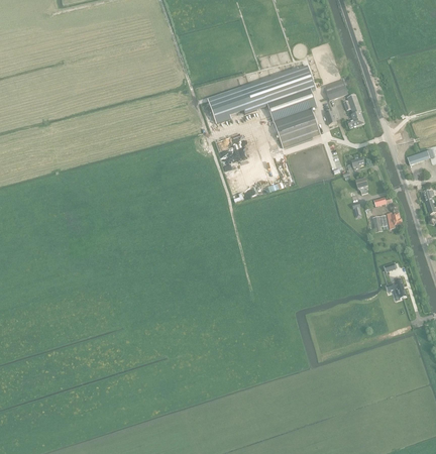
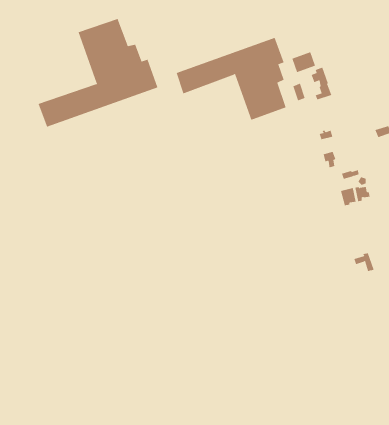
building: none -> [38,18,158,127]

